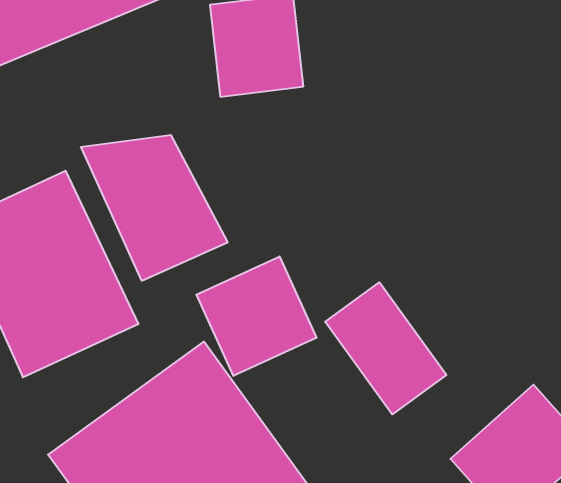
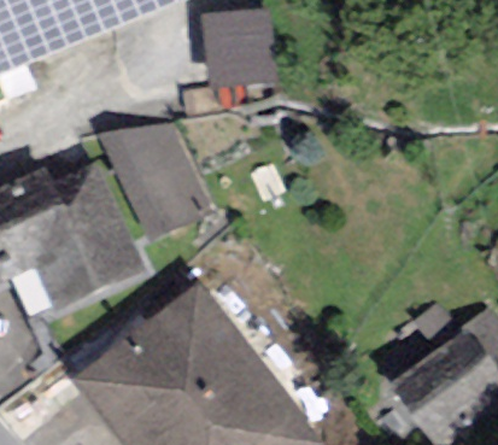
building: [196,256,317,376] -> none
building: [325,282,446,414] -> none

